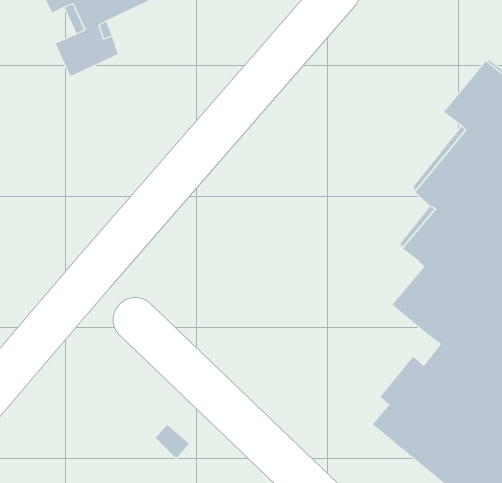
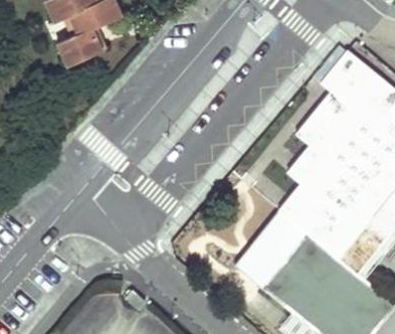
building: none -> [234,183,309,289]

